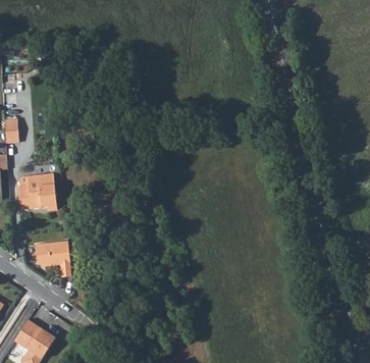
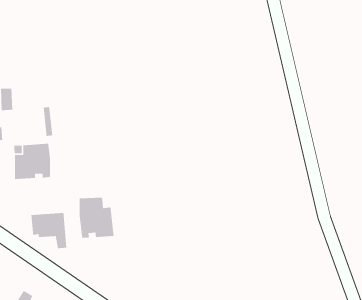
building: none -> [79,197,115,239]

